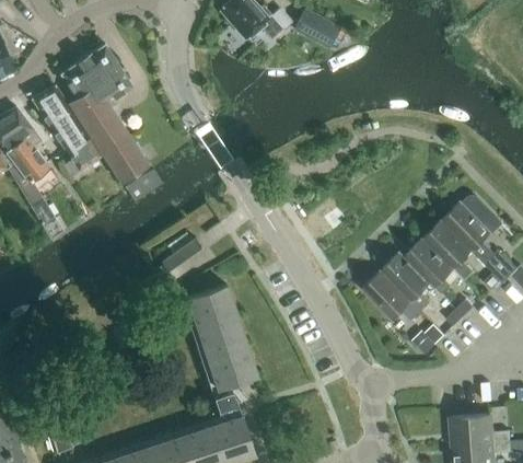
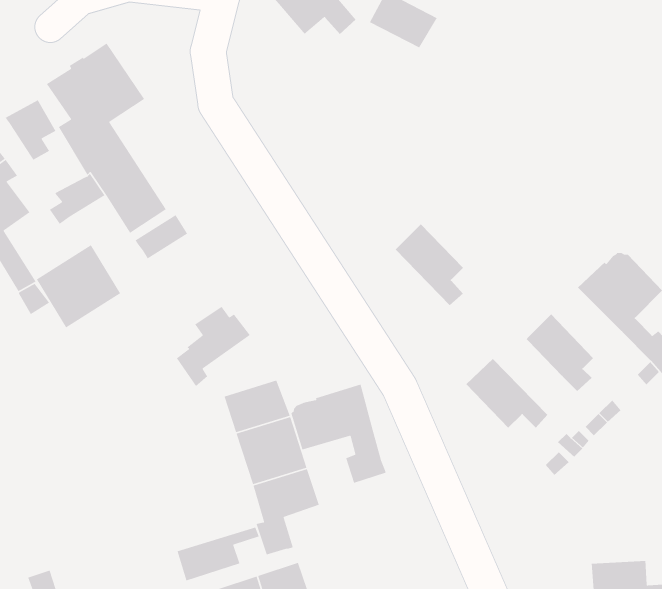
building: [51,107,88,152] -> none
building: none -> [36,244,121,328]
building: [421,219,474,279] -> none
building: [380,251,429,310] -> [395,223,464,306]
building: none -> [291,383,387,484]
building: none -> [176,527,260,582]

